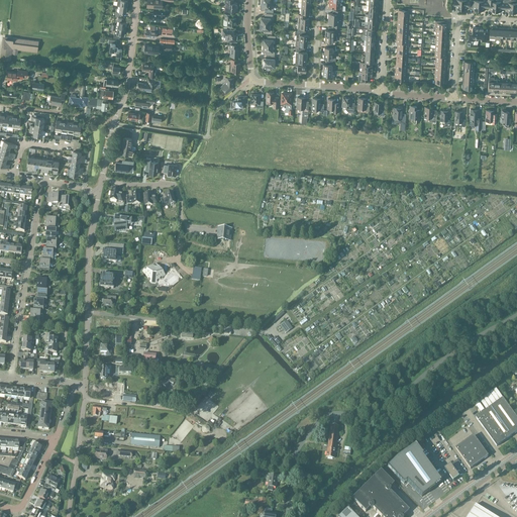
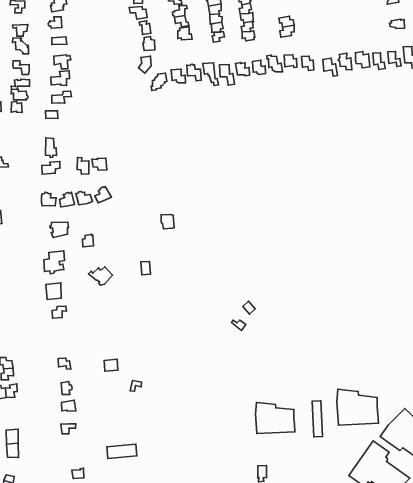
building: none -> [256,403,295,434]
building: none -> [337,389,378,425]

